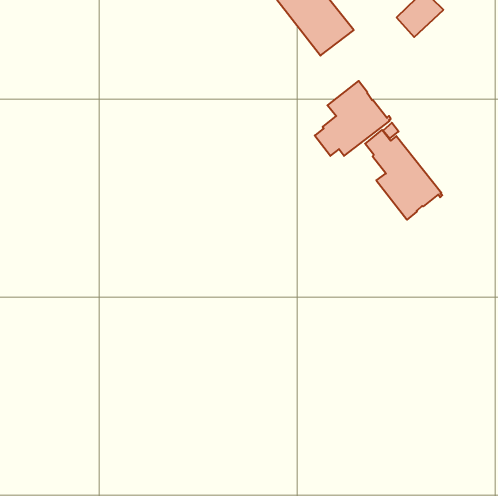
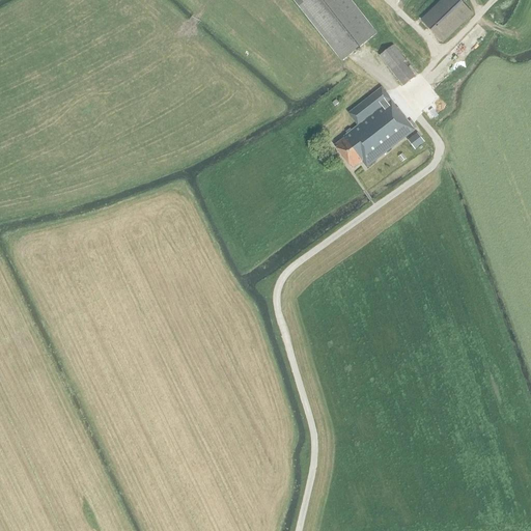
building: none -> [380,44,414,84]
building: [365,130,442,220] -> none

